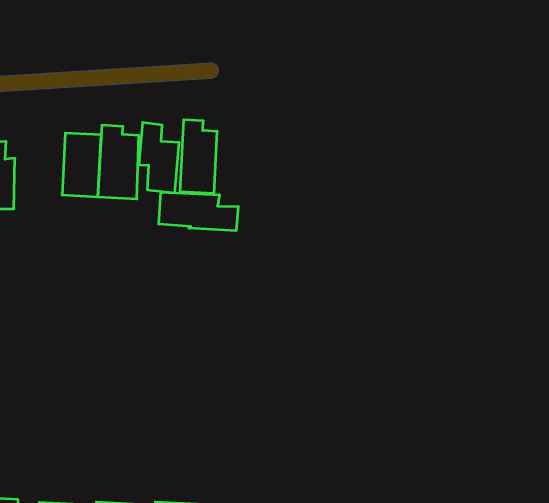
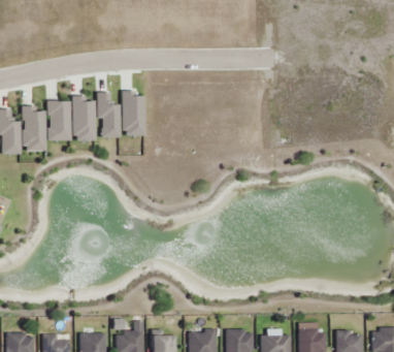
building: none -> [22,106,46,151]
building: [159,192,238,231] -> none

